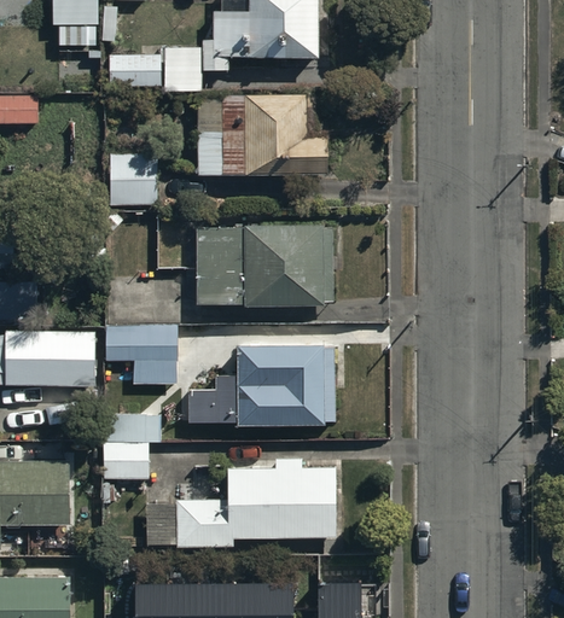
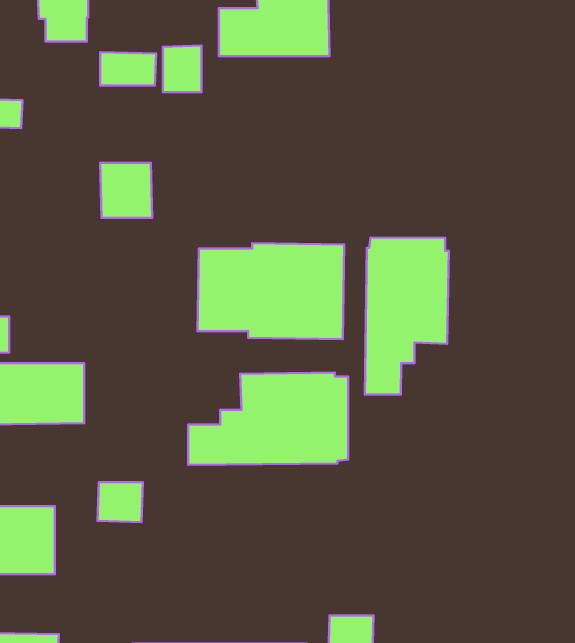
building: [194,97,315,176] -> none
building: none -> [365,237,449,395]
building: [107,322,175,384] -> none
building: [146,459,336,547] -> none

